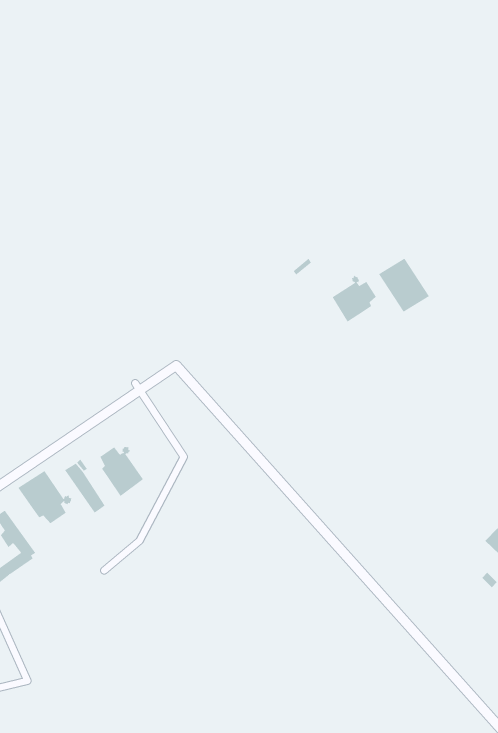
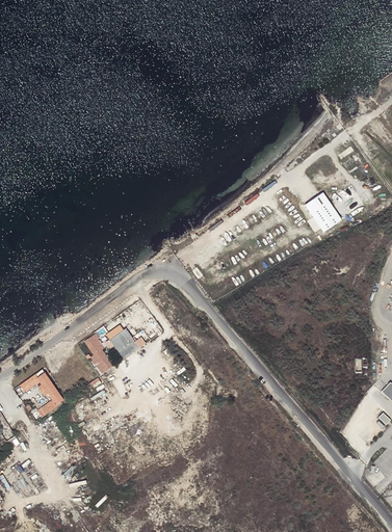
building: [332,275,377,323] -> none
building: [18,470,72,524] -> none

